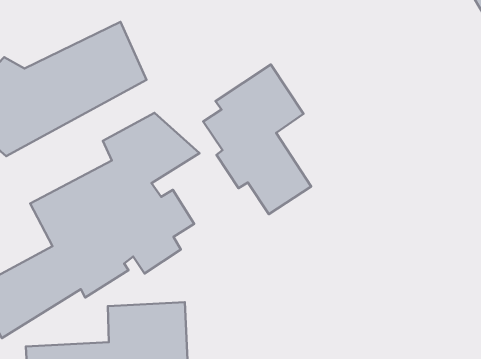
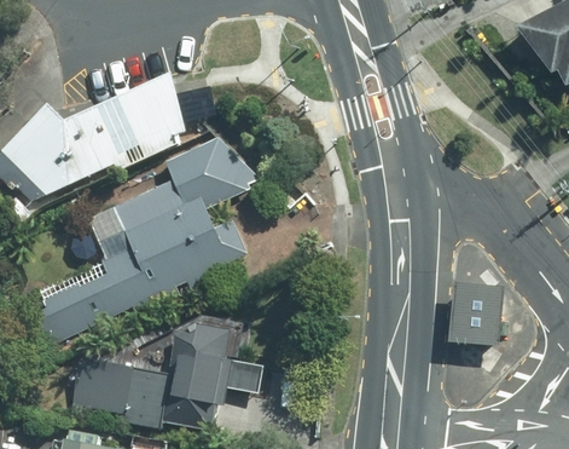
building: [203,64,311,214] -> none
building: none -> [452,284,507,350]

